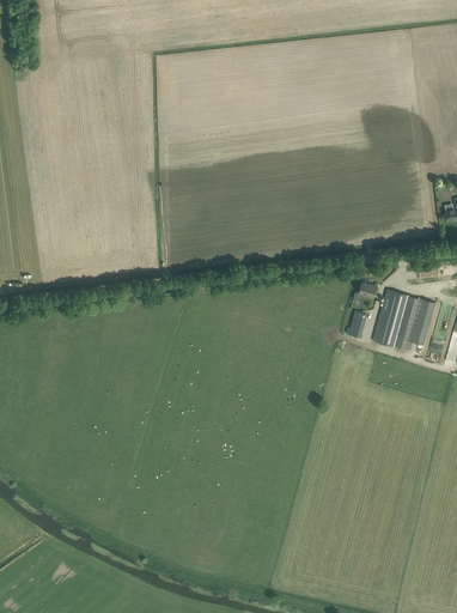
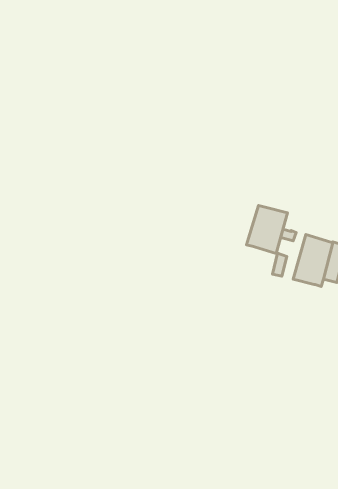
building: none -> [247,206,287,254]

